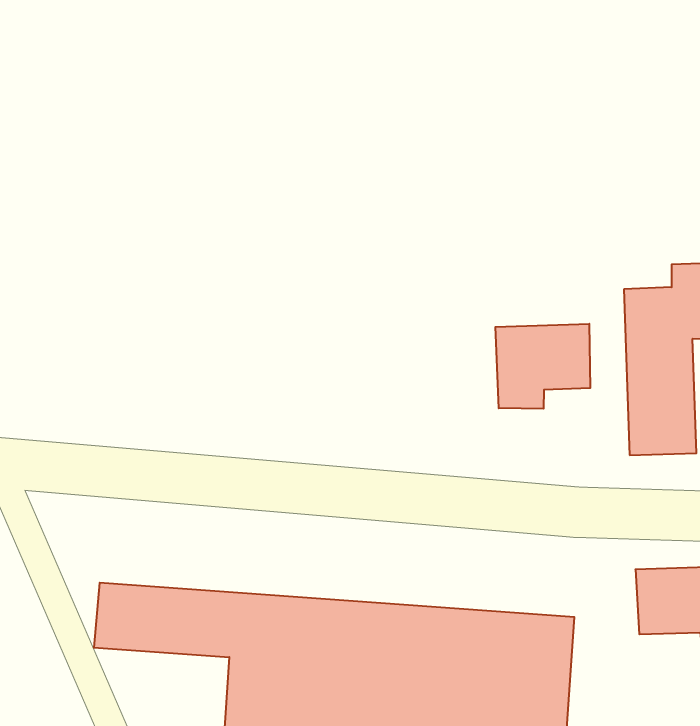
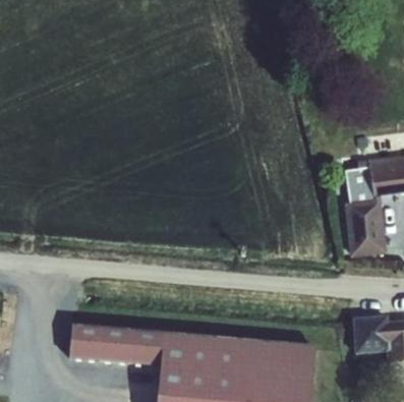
building: [495,324,590,409] -> none

